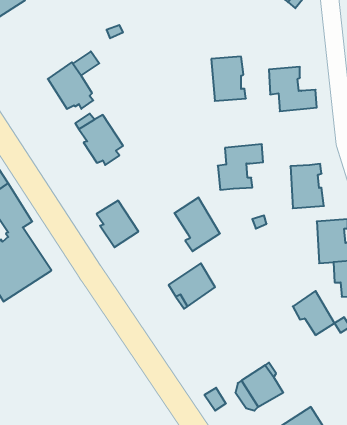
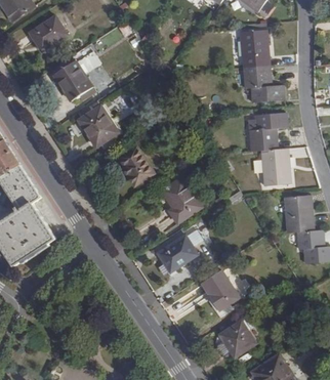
building: none -> [29,15,67,48]
building: [211,57,246,101] -> [240,29,270,67]
building: [218,144,263,190] -> [248,112,287,151]
building: [97,201,138,247] -> [118,145,154,185]
building: [293,291,335,335] -> [202,269,238,307]

